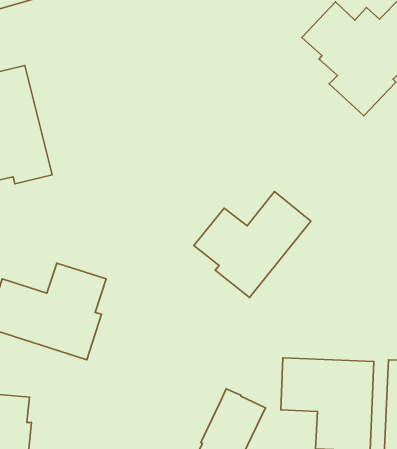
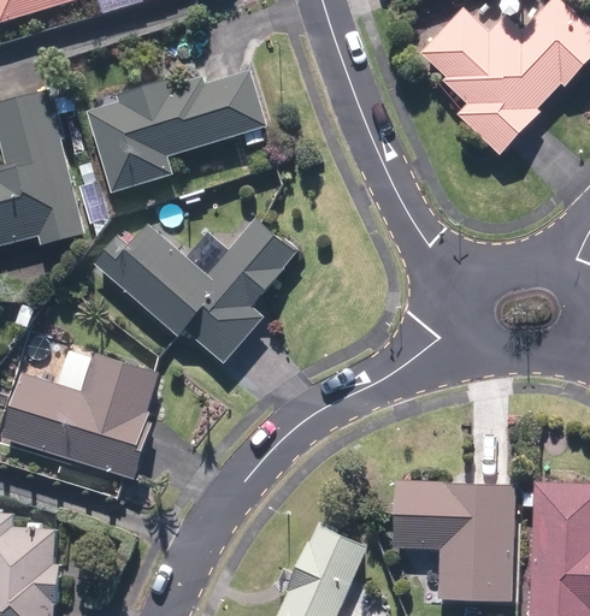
building: none -> [85,71,269,194]
building: none -> [90,218,296,363]
building: [194,192,311,298] -> none

